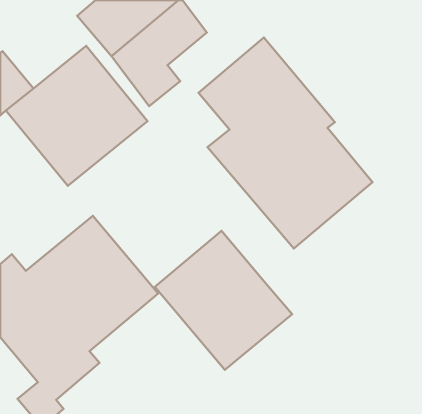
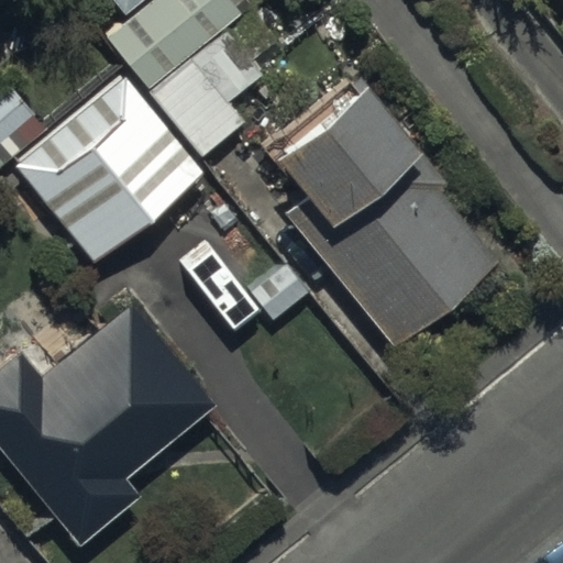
building: [155,231,292,370] -> none

